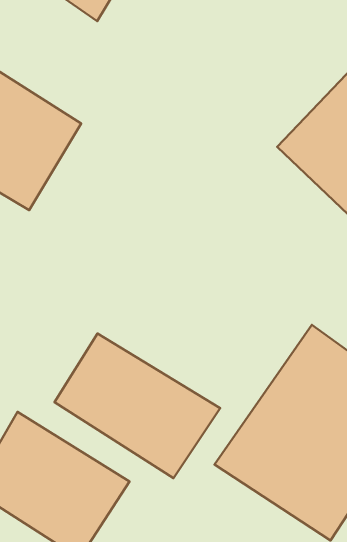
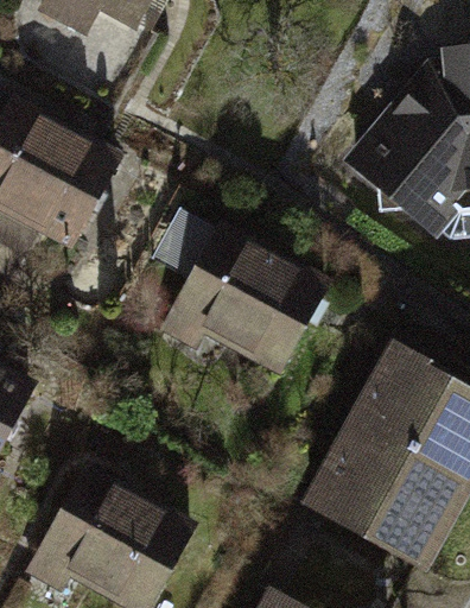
building: none -> [165,218,339,379]
building: [54,334,220,478] -> none

